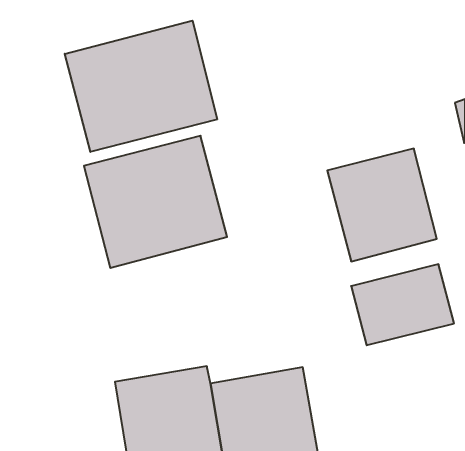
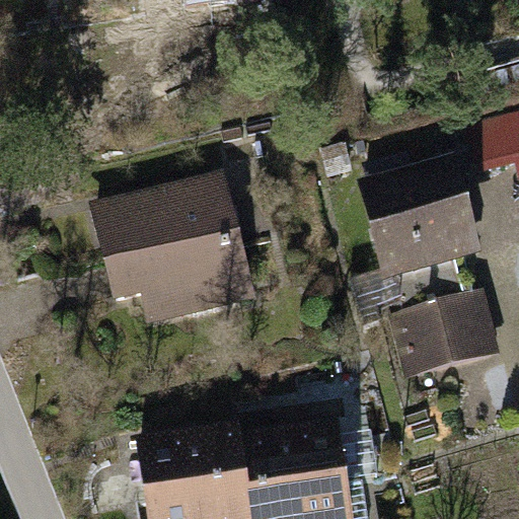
building: [65,21,217,152] -> none

